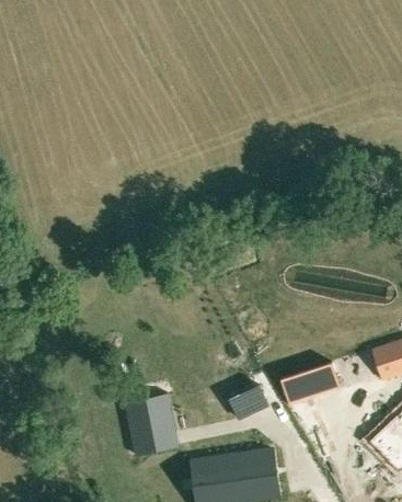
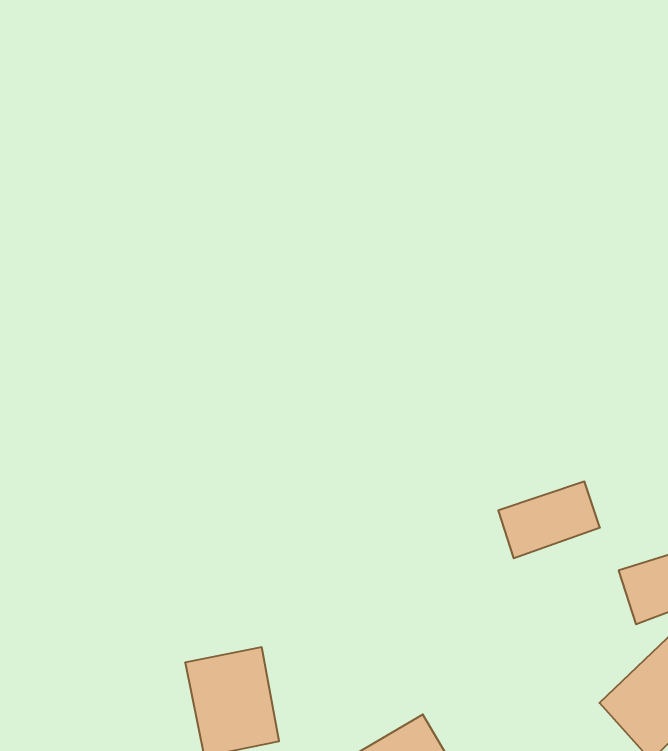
building: [282,363,340,407] -> [498,482,600,558]
building: [229,387,267,422] -> none

